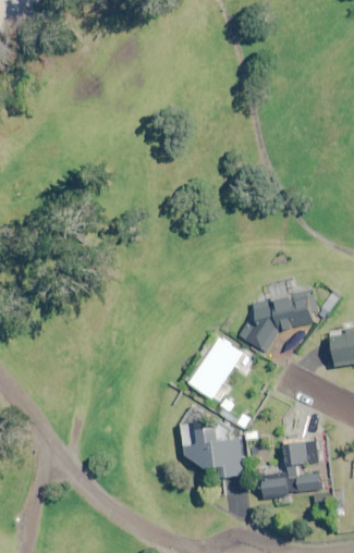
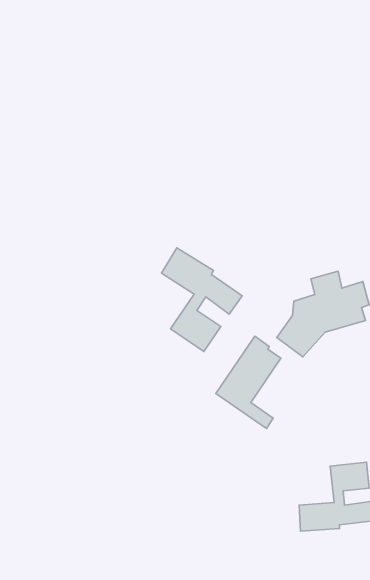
building: none -> [162,248,242,351]
building: [183,423,244,477] -> none

